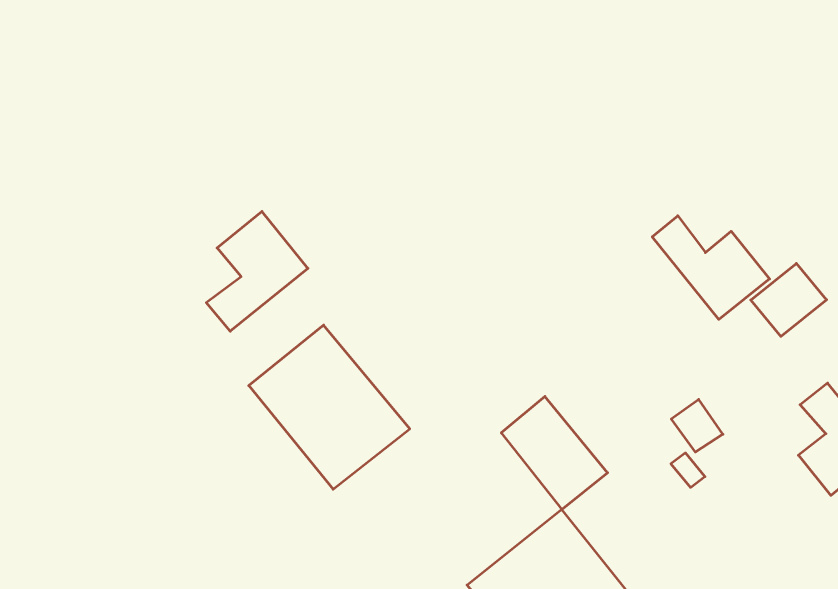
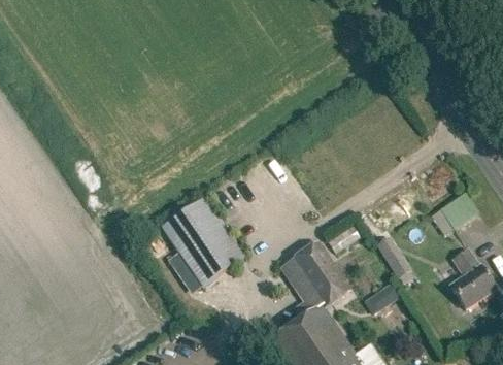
building: [206,211,308,331] -> none
building: [652,216,770,319] -> none

